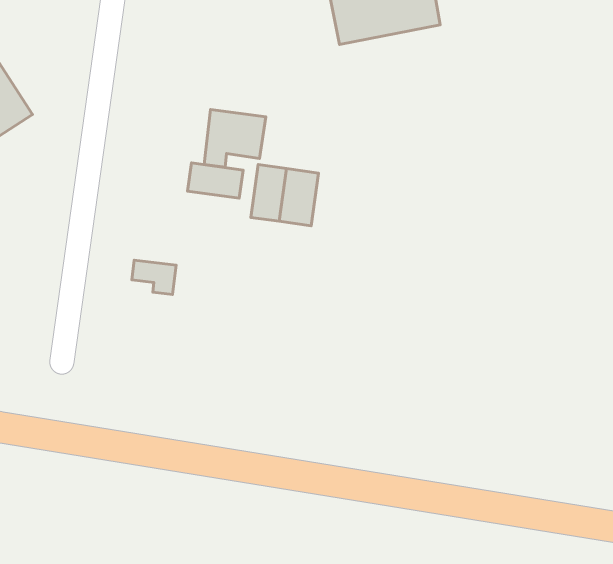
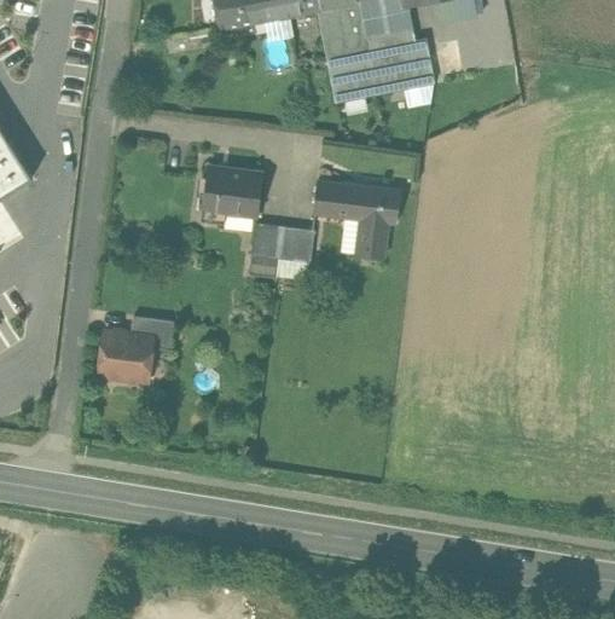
building: none -> [313,177,402,258]
building: [187,163,243,198] -> none
building: none -> [99,330,152,380]

